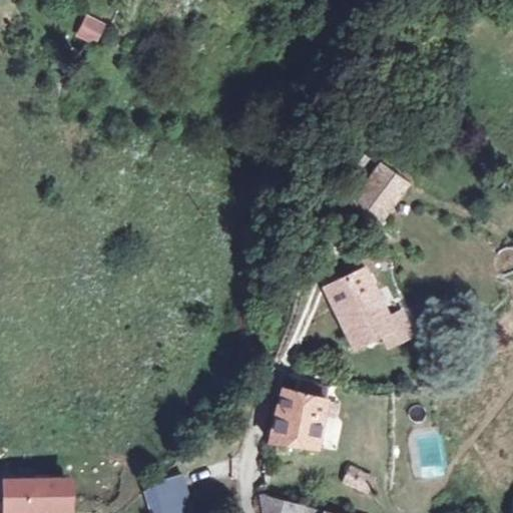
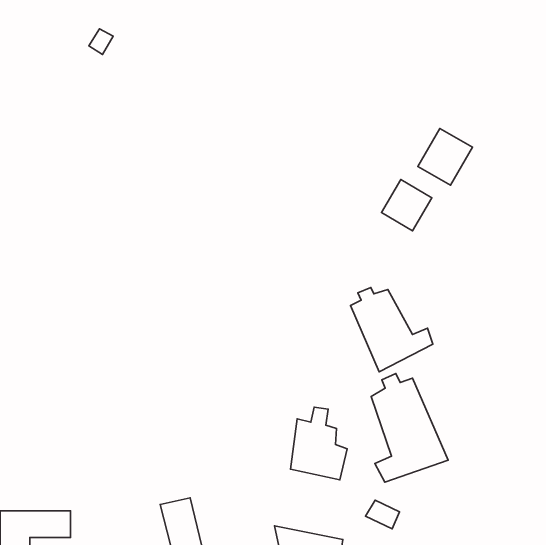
building: none -> [418,128,473,185]
building: none -> [371,373,448,482]

